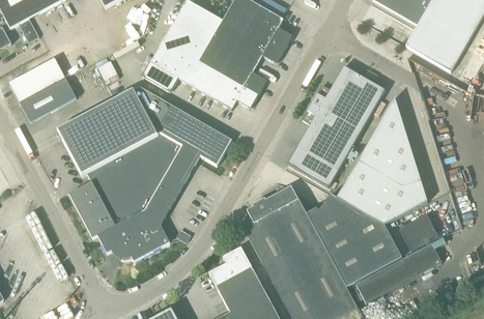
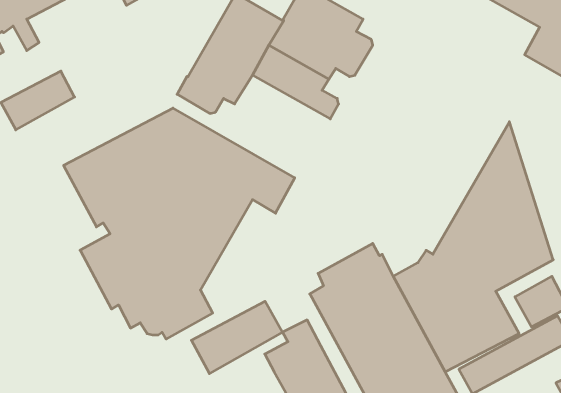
building: [187,61,259,109] -> none
building: [288,65,386,187] -> none
building: [21,78,77,122] -> none
building: none -> [191,301,282,374]

